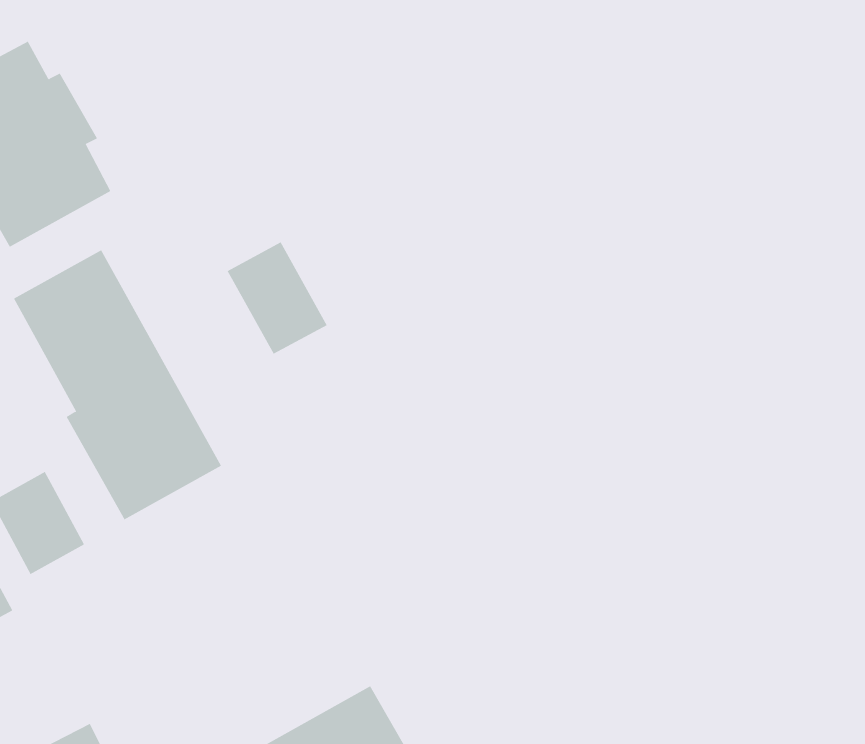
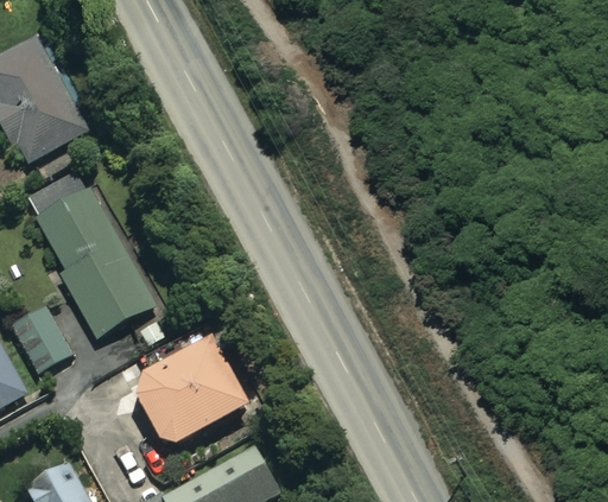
building: [227,242,328,355] -> none
building: none -> [138,338,251,451]

